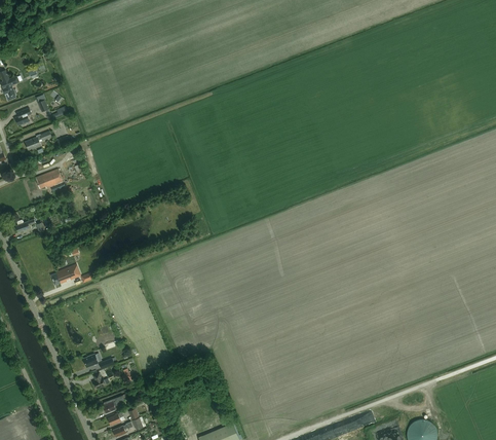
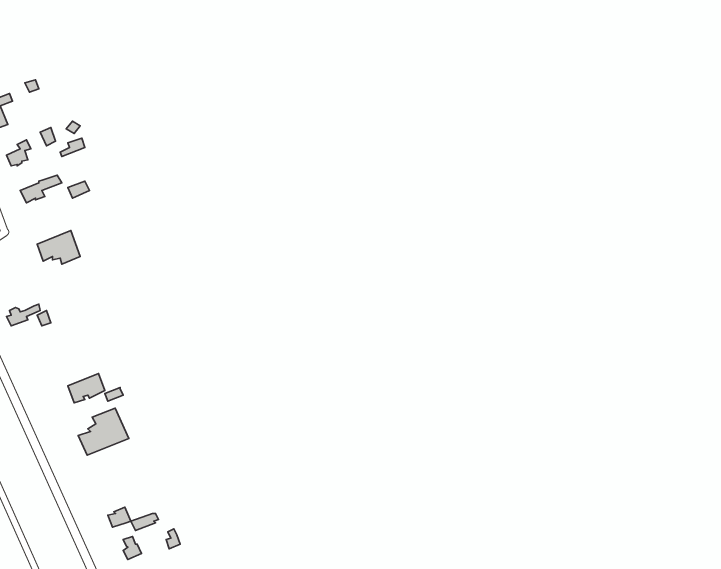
building: none -> [78,408,129,455]

